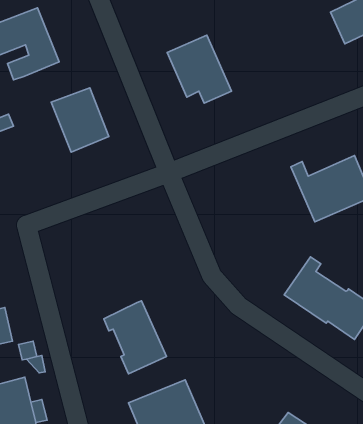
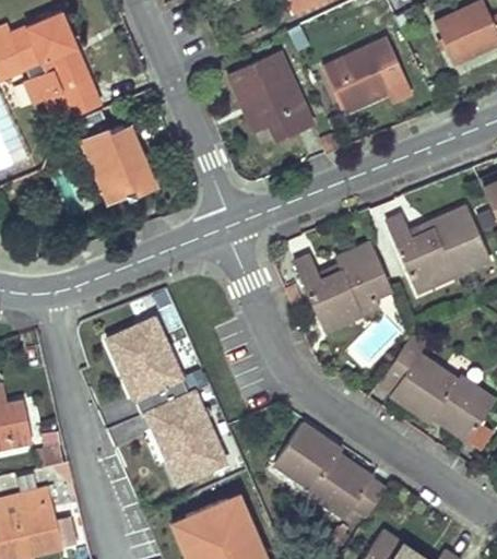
building: none -> [322,40,399,114]
building: none -> [46,87,102,132]
building: none -> [295,245,392,332]
building: none -> [108,317,190,416]
building: none -> [273,425,386,524]

